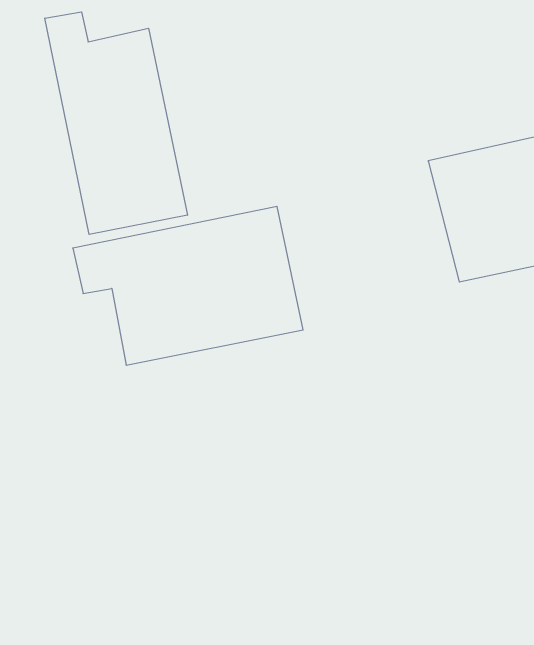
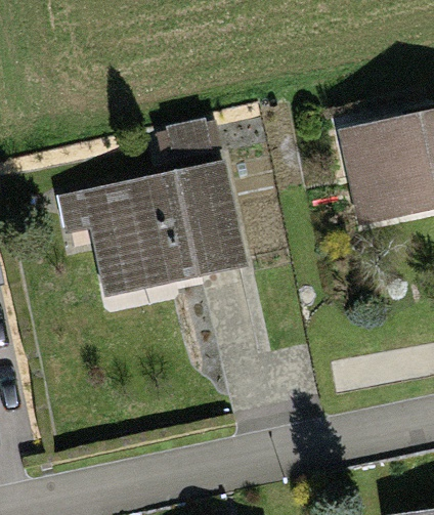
building: [45,12,187,234] -> none

